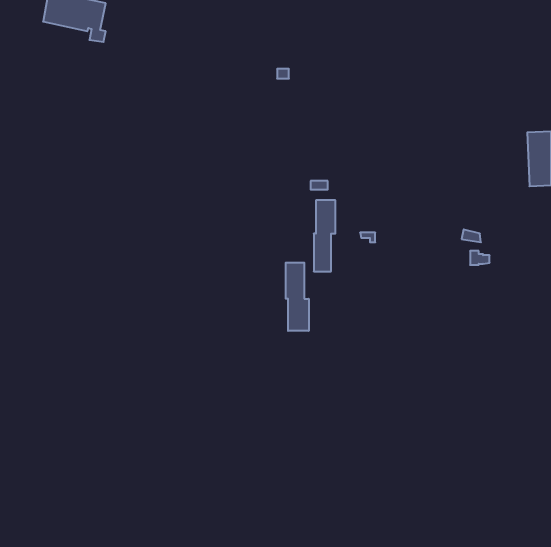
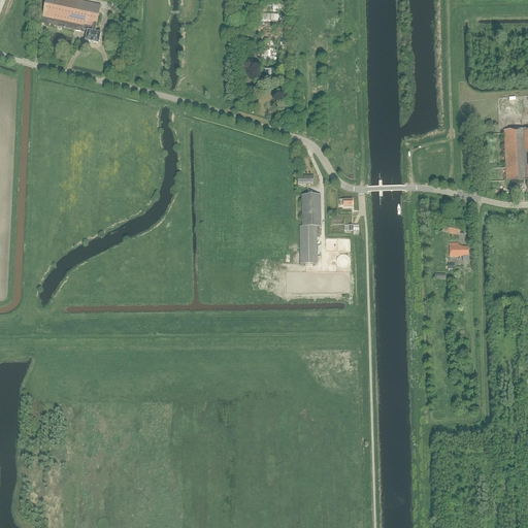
building: [286,263,309,331] -> none

